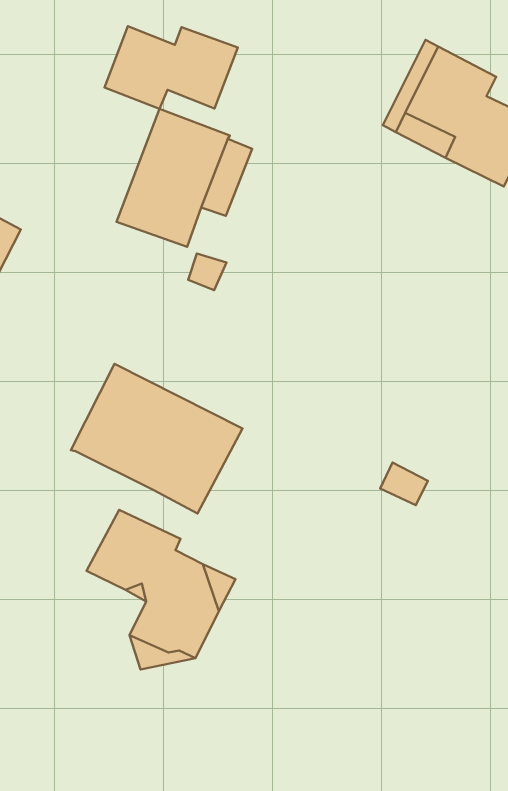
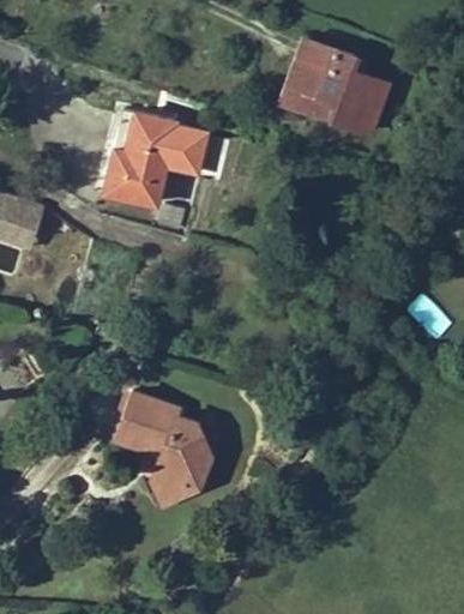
building: [104,26,238,109] -> none
building: [71,364,243,514] -> none

